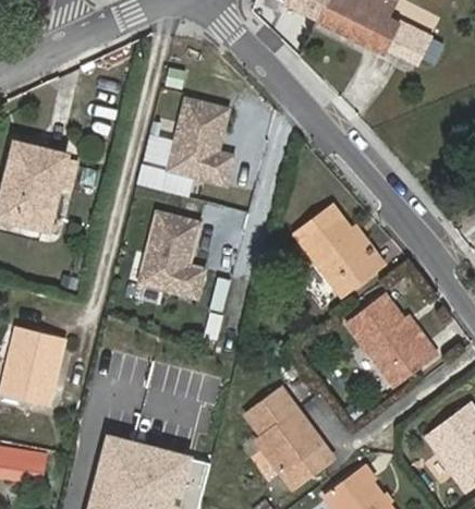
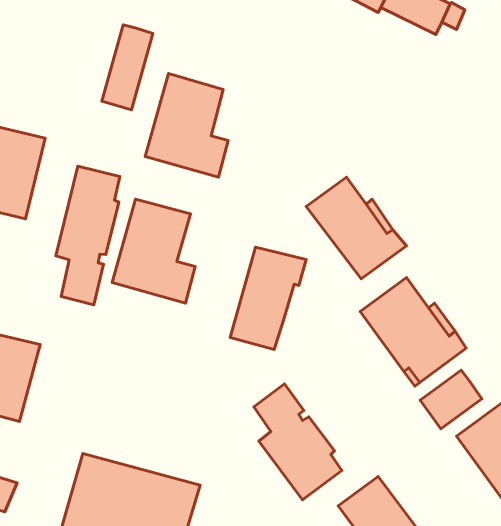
building: none -> [102,25,153,110]
building: none -> [56,166,120,305]
building: none -> [230,247,306,350]
building: none -> [420,370,482,429]

